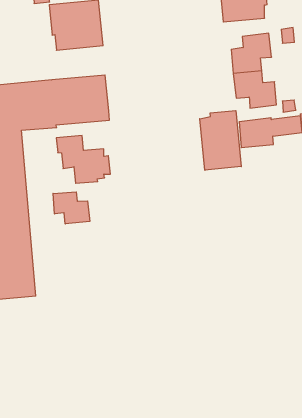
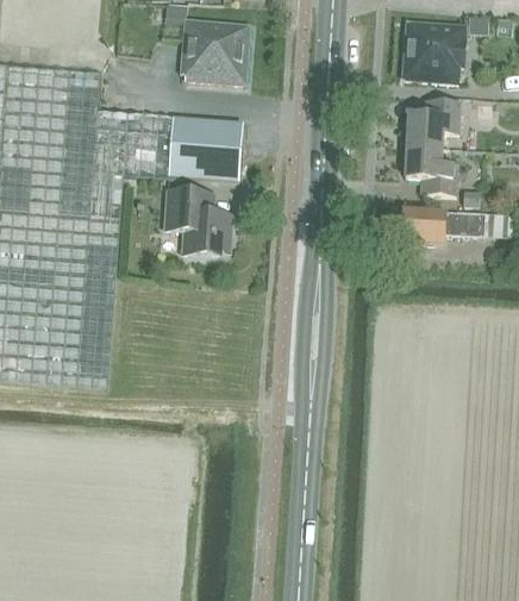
building: [200,111,241,170] -> none
building: [53,192,90,224] -> none

